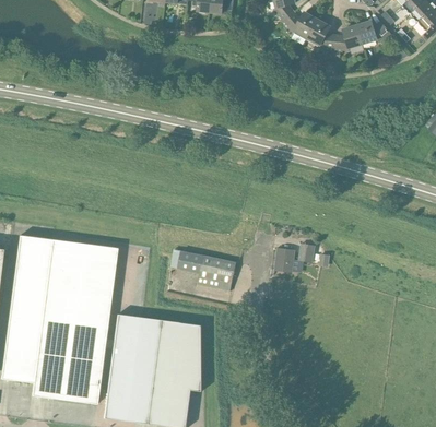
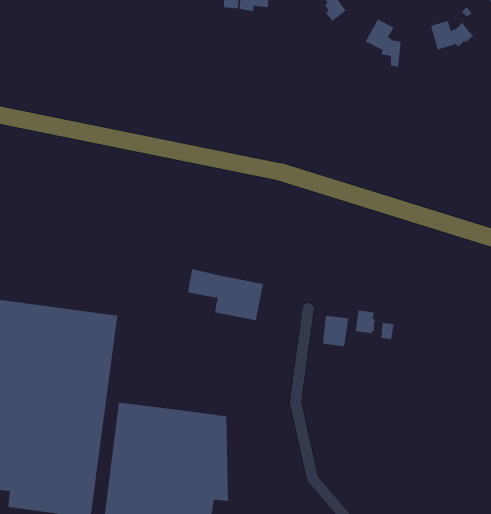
building: [282,12,317,37] -> none
building: [333,25,363,57] -> none
building: [177,250,236,290] -> [187,268,264,321]

